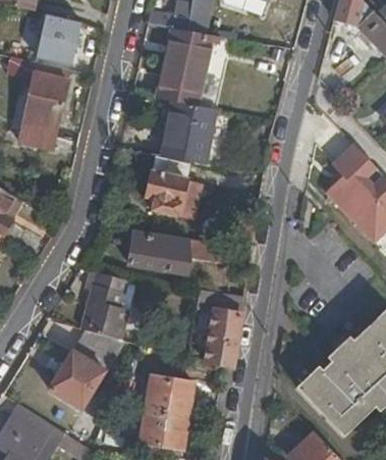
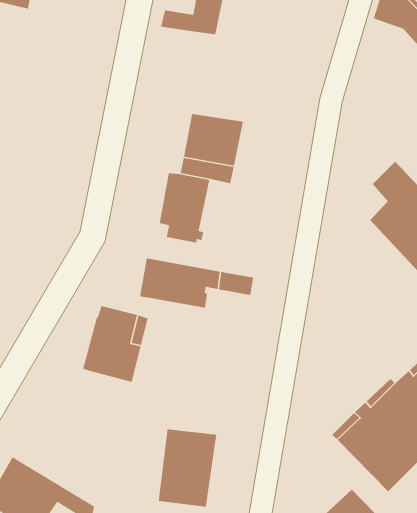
building: [36,15,80,64] -> none
building: [161,31,219,106] -> none
building: [19,63,70,147] -> none
building: [196,286,243,368] -> none
building: [48,328,122,408] -> none

